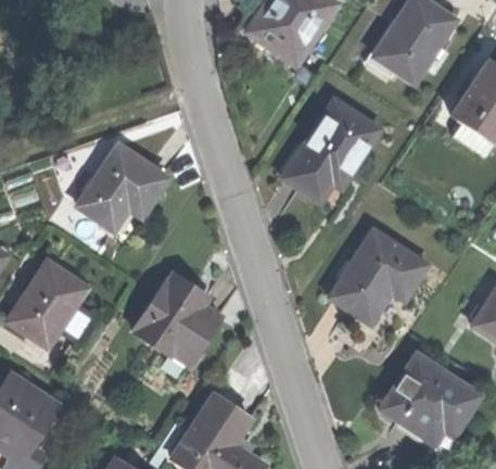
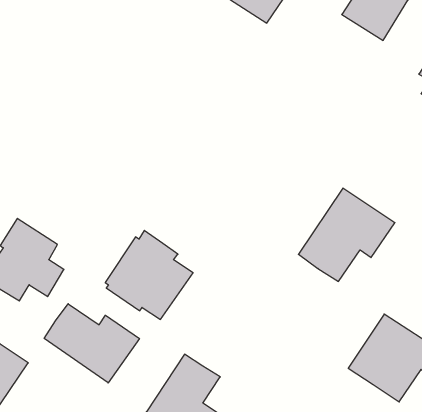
building: [282,99,378,200] -> none
building: [78,144,169,229] -> none
building: none -> [44,304,139,383]

